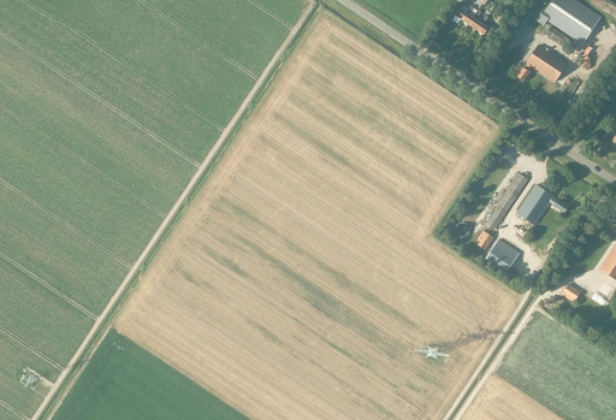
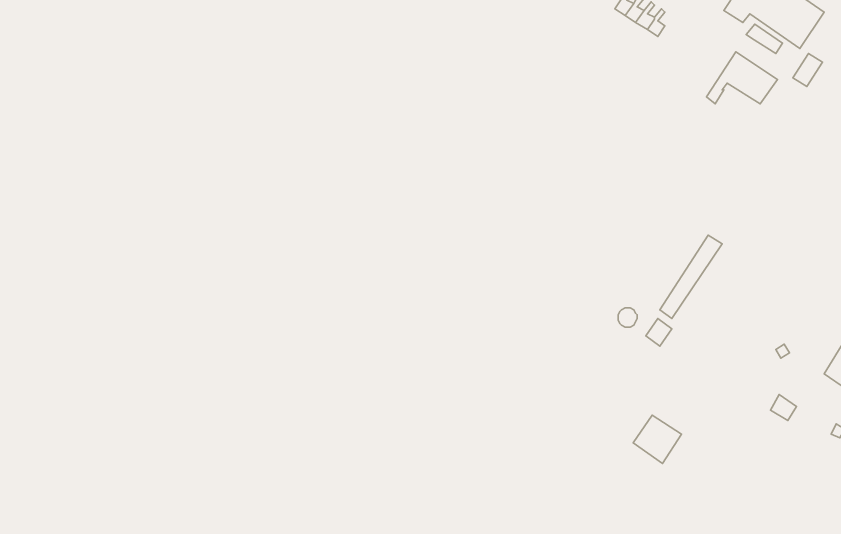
building: [517,184,569,224] -> none
building: [486,238,520,272] -> [633,415,682,464]

